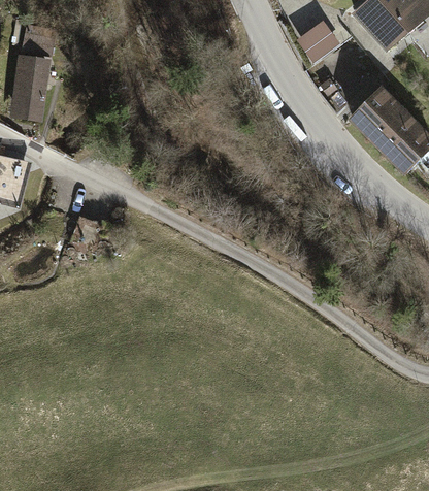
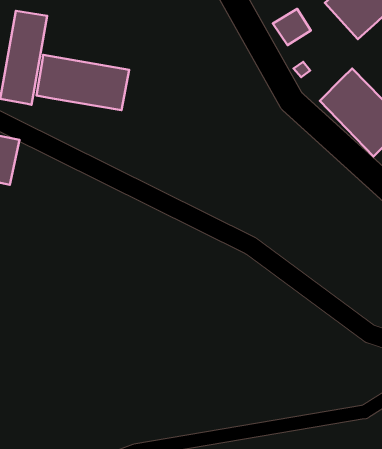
building: none -> [36,55,129,110]

